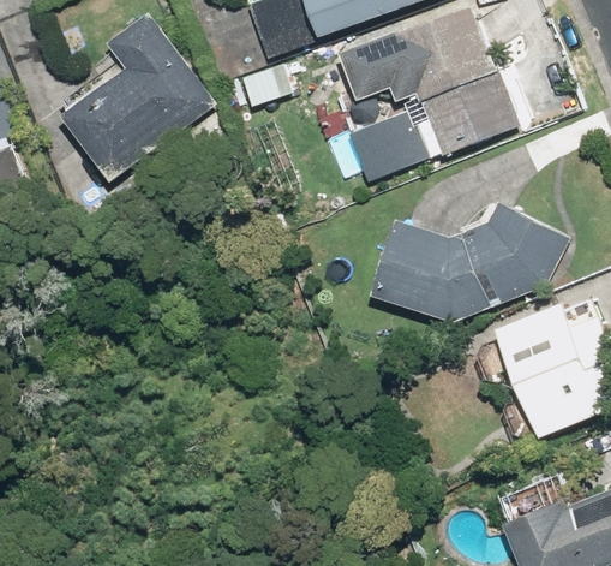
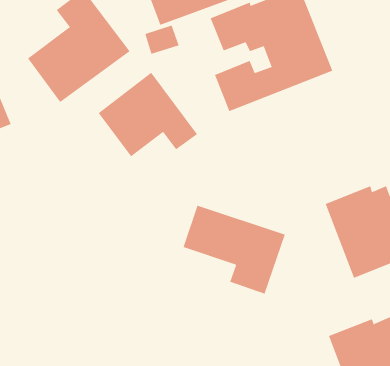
building: none -> [98,72,198,157]
building: [371,202,568,321] -> none
building: none -> [183,205,286,294]

